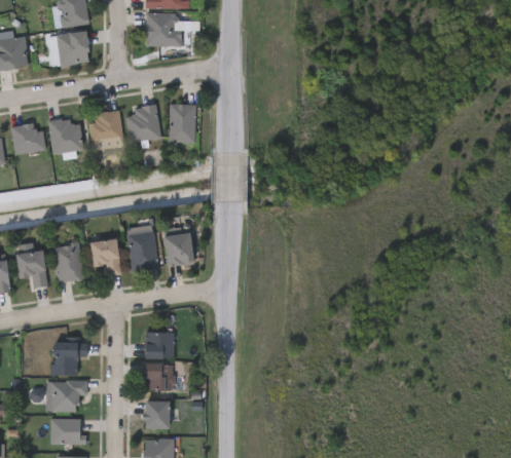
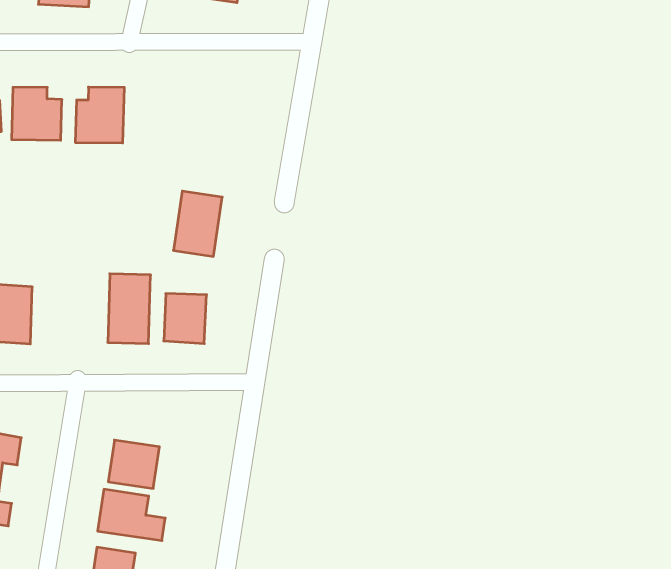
building: [170,104,195,142] -> [173,191,222,256]
building: [125,105,159,142] -> none
building: [89,238,120,275] -> none

